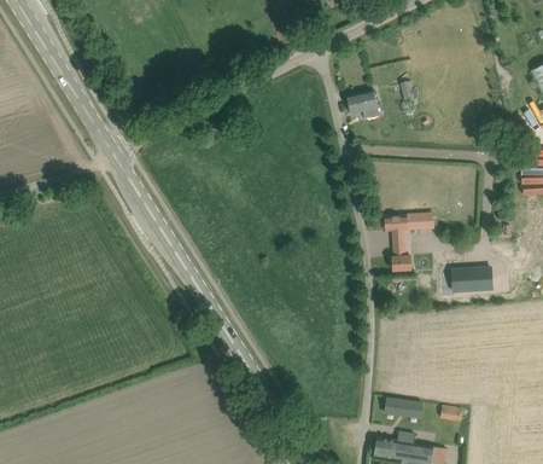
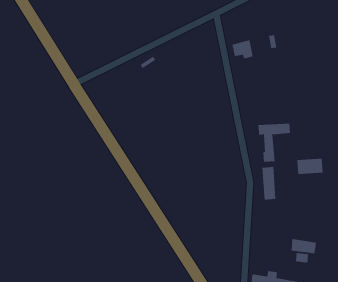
building: none -> [262,166,276,200]
building: [385,396,424,419] -> [291,239,317,254]

